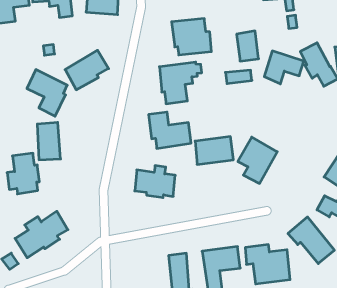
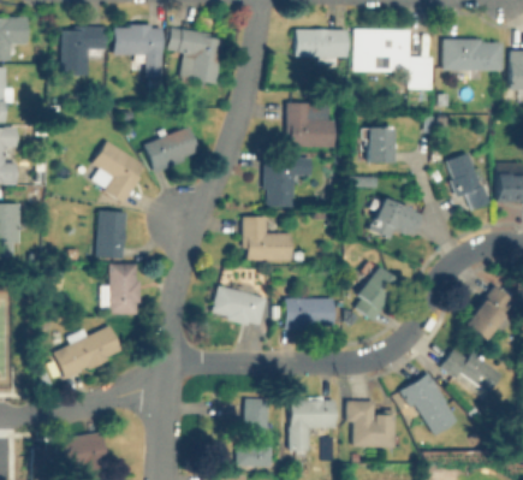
building: [264,51,304,84] -> [369,197,422,241]
building: [195,137,233,164] -> [285,298,332,328]
building: [7,153,39,194] -> [101,265,141,314]

